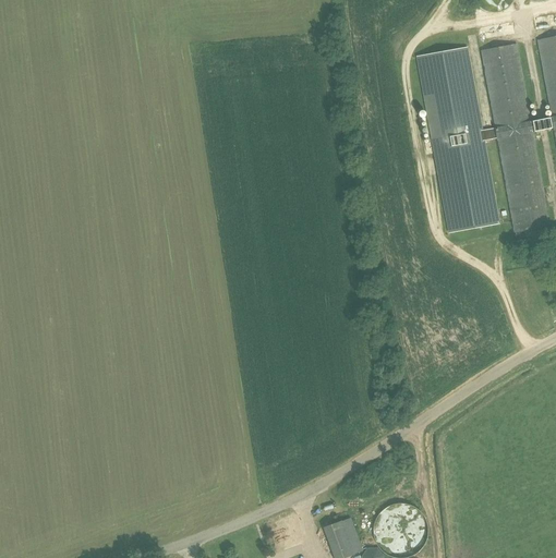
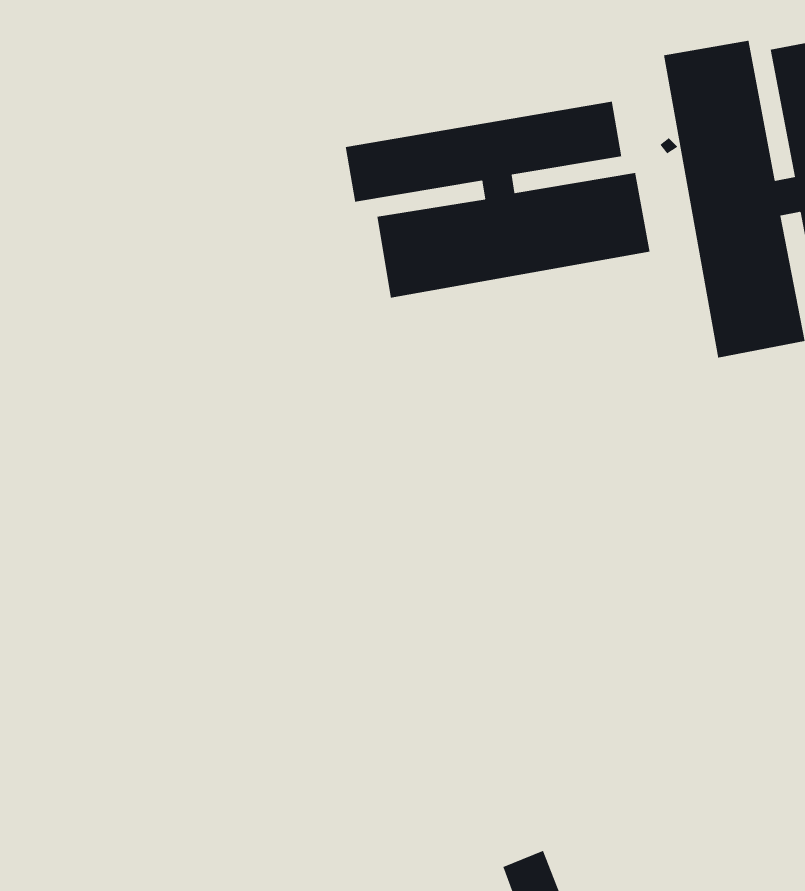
building: none -> [345,101,650,299]

